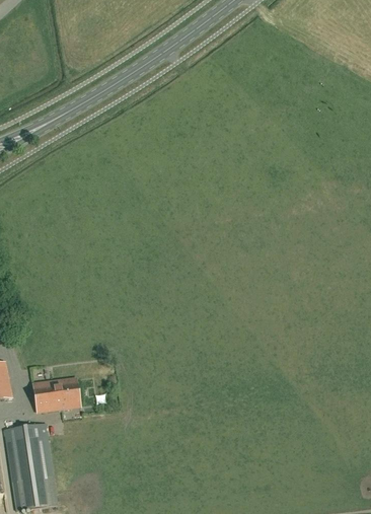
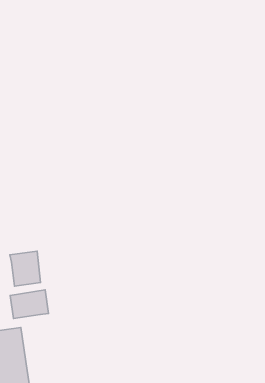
building: none -> [10,251,41,286]

